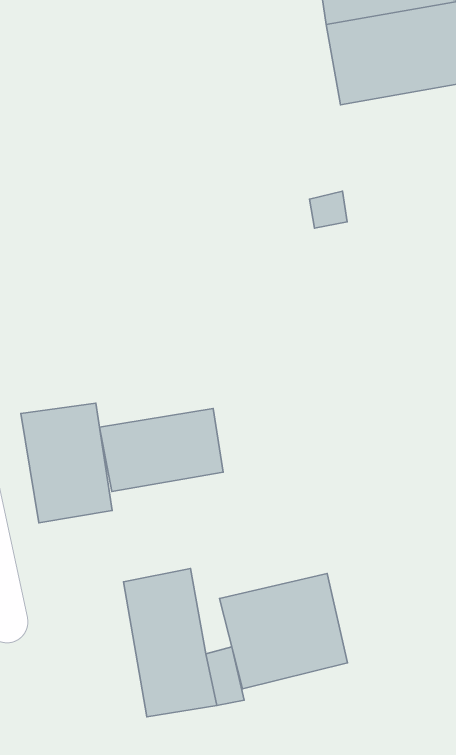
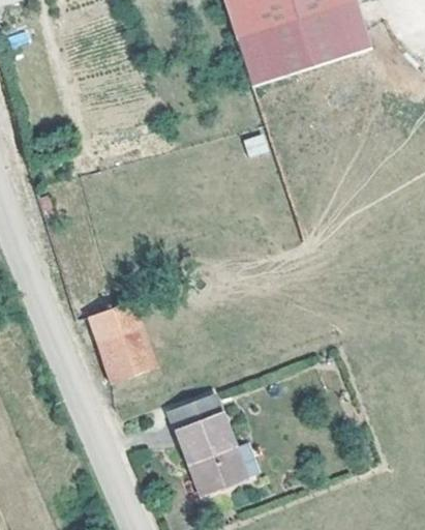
building: [99,408,223,491] -> none
building: [220,574,348,689] -> none

